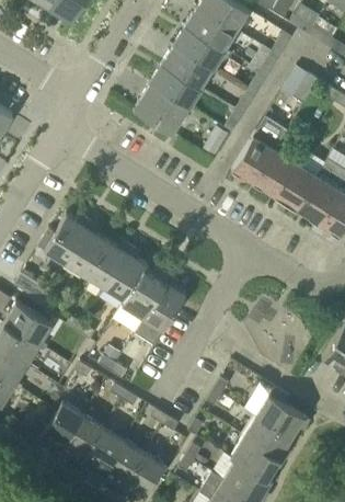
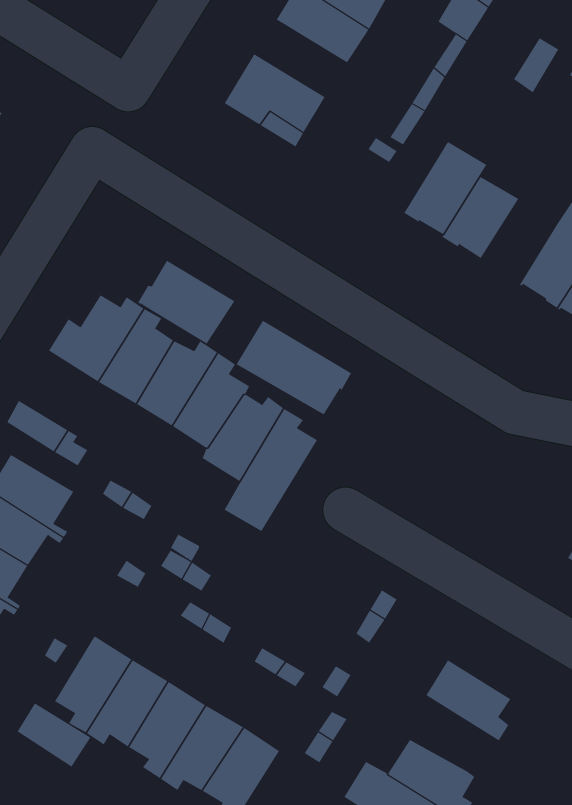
building: [150,64,202,106] -> none
building: [274,162,317,209] -> none
building: none -> [137,260,235,352]
building: none -> [236,320,352,415]
building: [256,387,310,437] -> none
building: [231,435,285,477] -> none
building: none -> [17,702,91,767]

